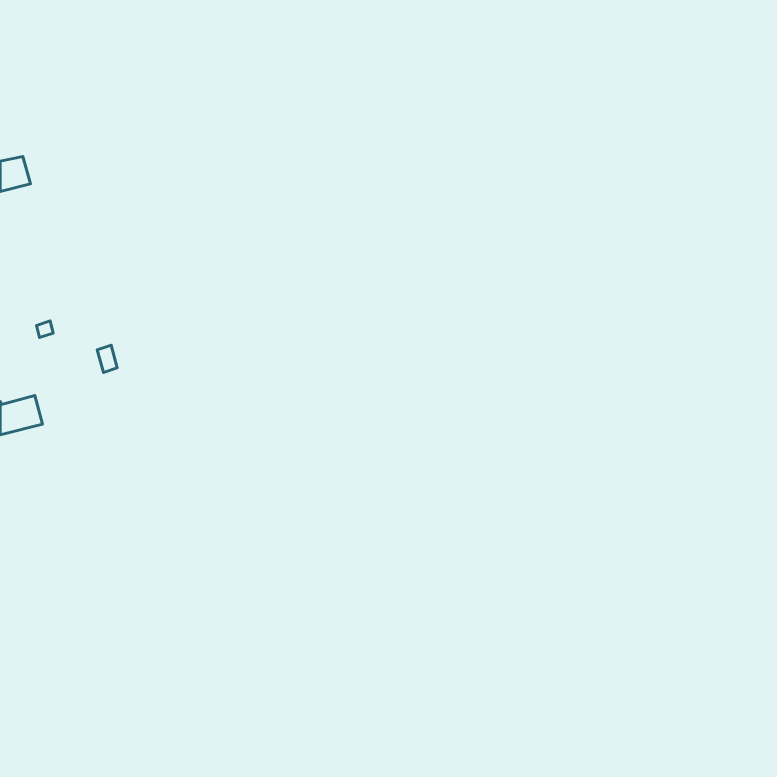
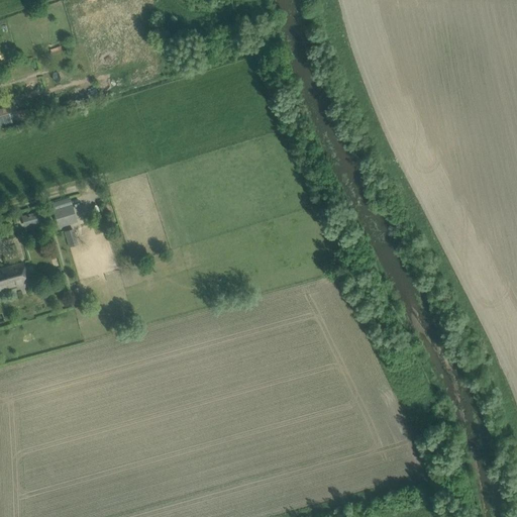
building: none -> [53,203,78,228]

